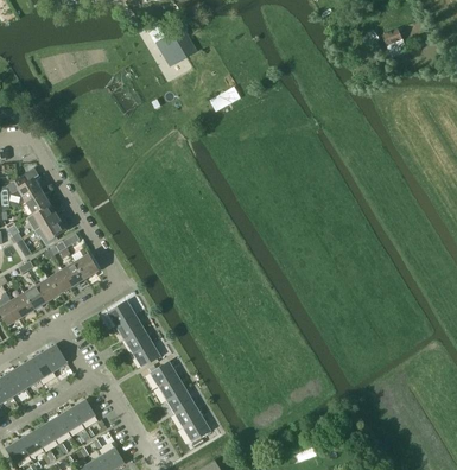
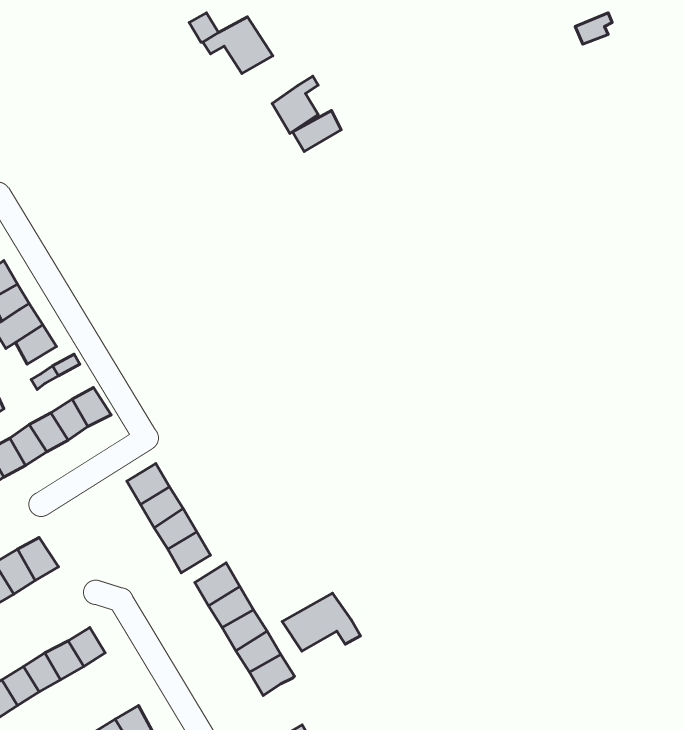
building: none -> [272,76,318,134]
building: none -> [282,593,361,651]

